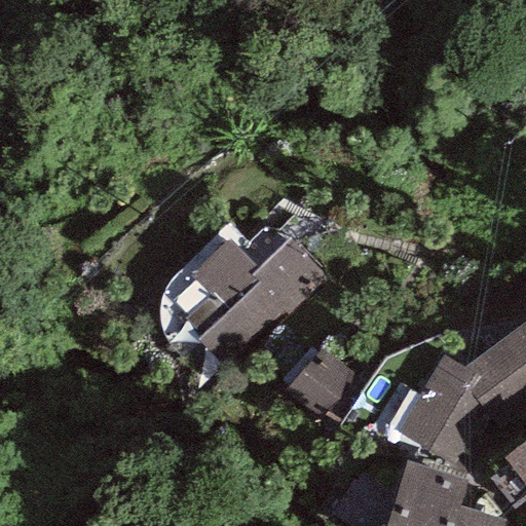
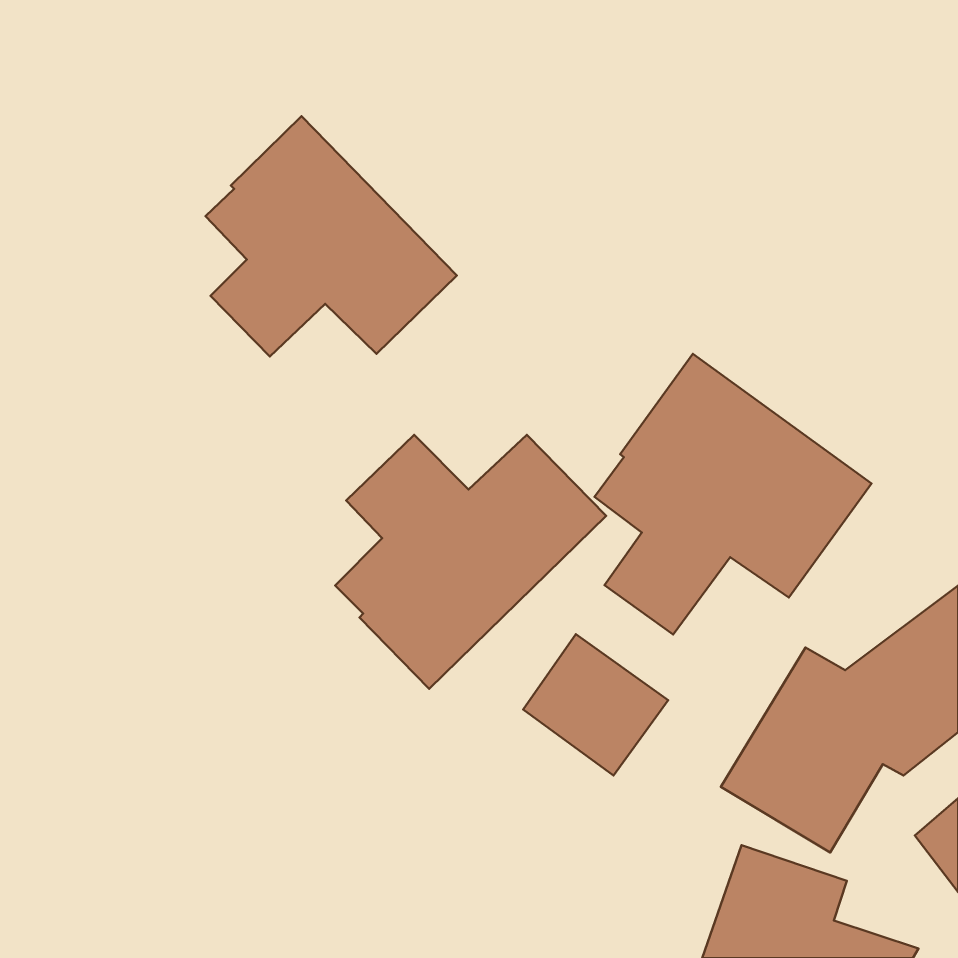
building: none -> [206,116,457,357]
building: none -> [595,354,871,634]

